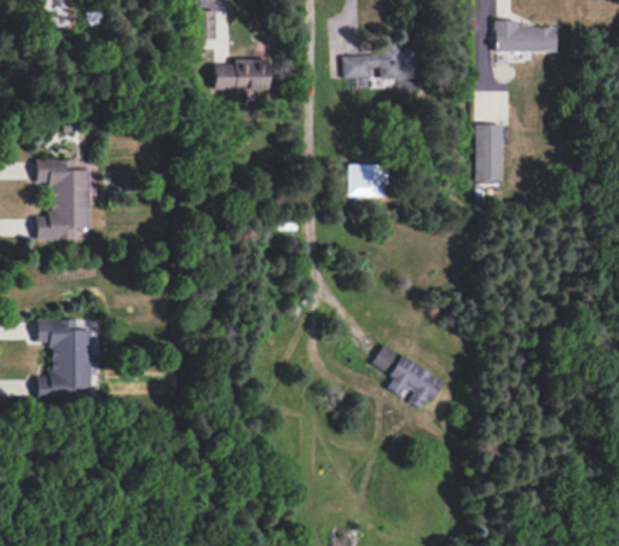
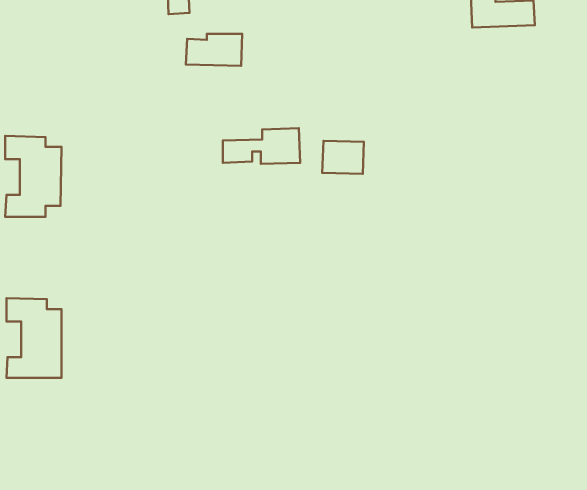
building: [342,45,418,80] -> [223,128,300,164]
building: [474,124,503,181] -> none
building: [371,345,442,408] -> none

